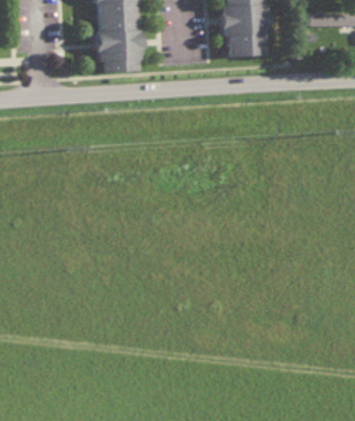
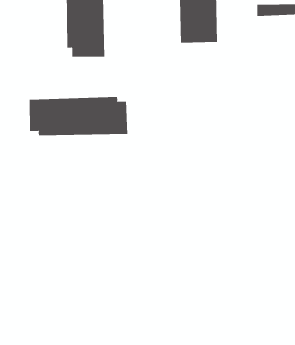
building: none -> [29,96,128,136]

